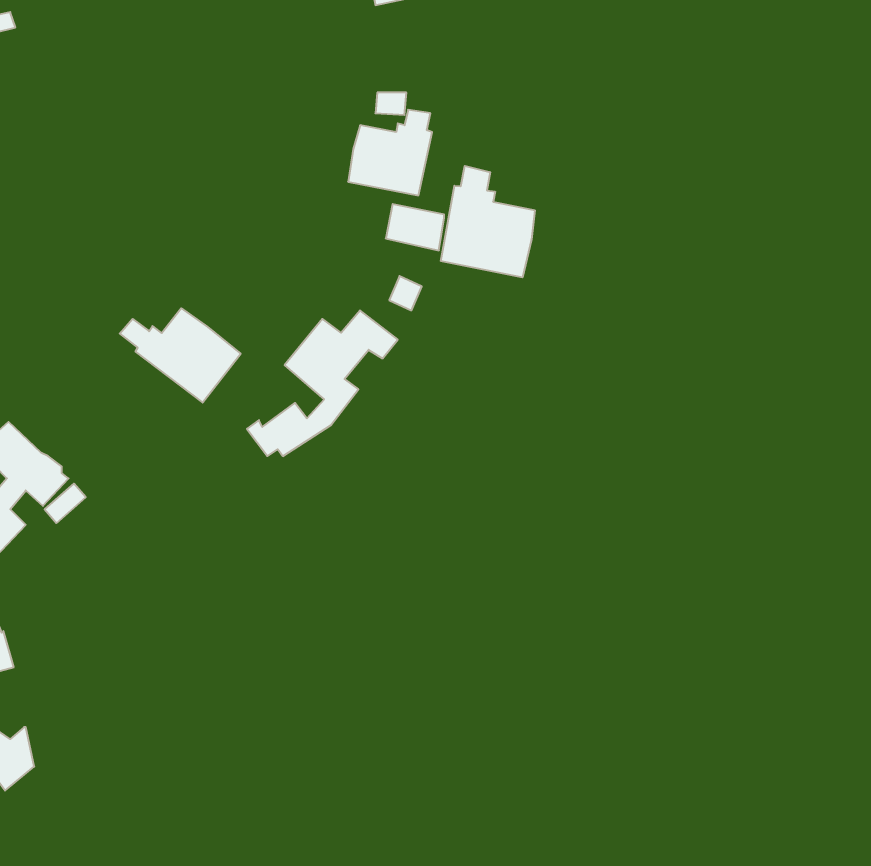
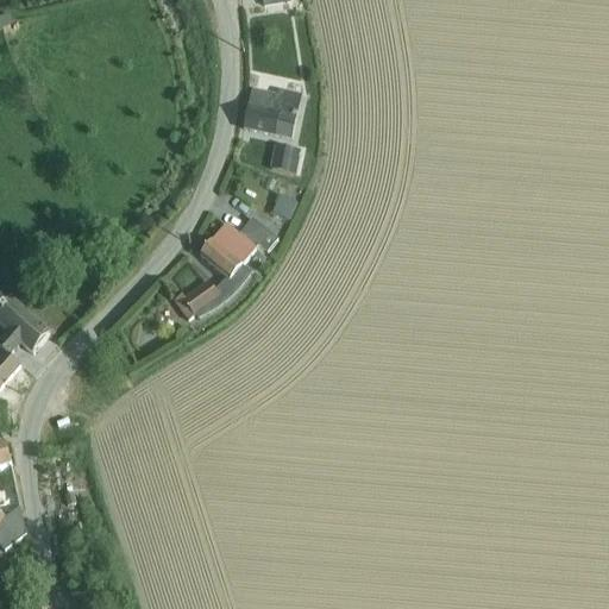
building: [441,166,535,277] -> none
building: [120,308,241,403] -> none

